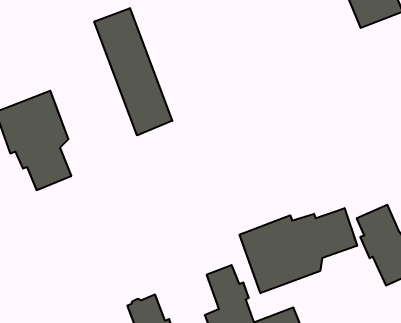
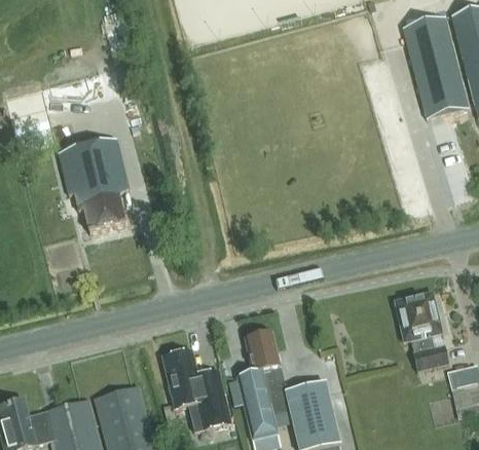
building: [94,8,172,135] -> none
building: [239,208,357,293] -> none

